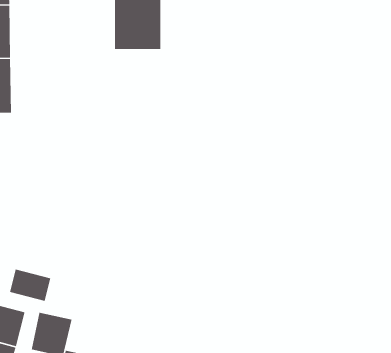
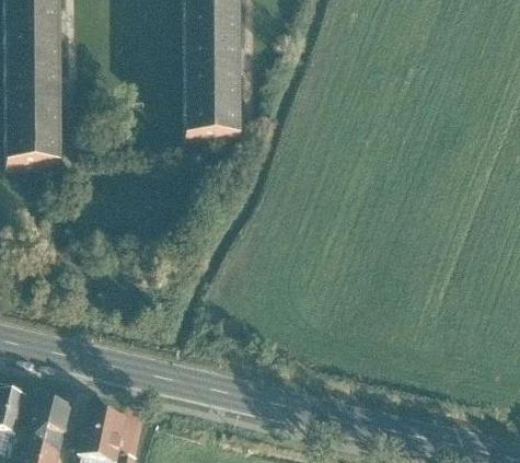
building: none -> [184,89,241,138]
building: [9,269,51,302] -> none

